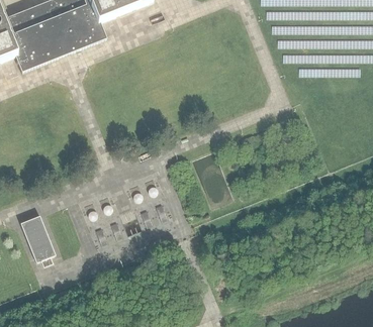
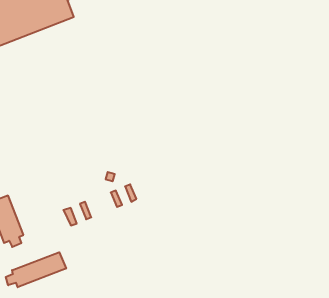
building: none -> [6,252,66,287]

